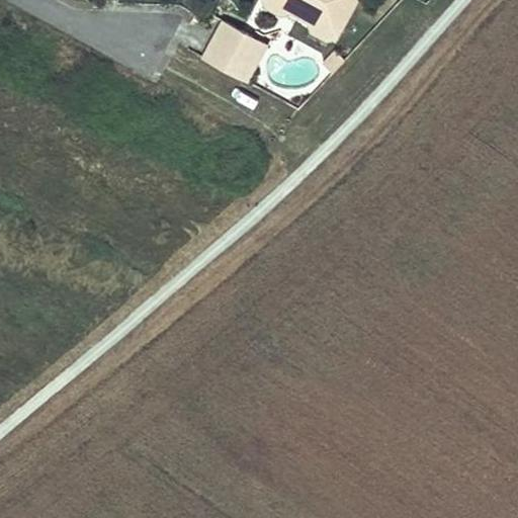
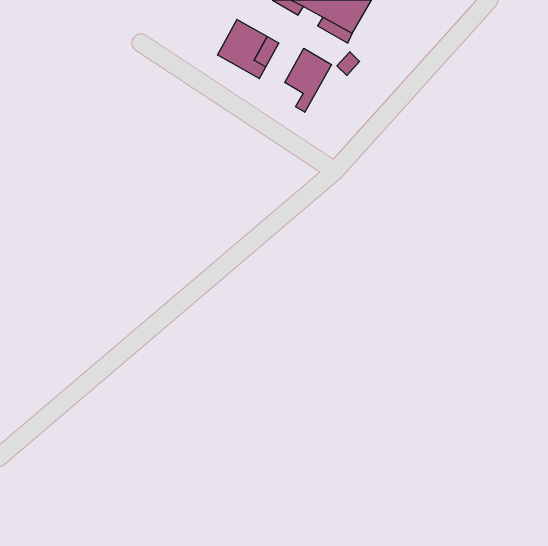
building: none -> [285,48,332,112]

